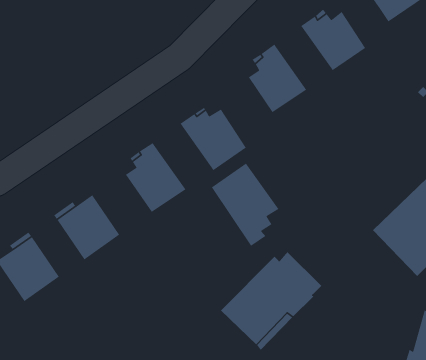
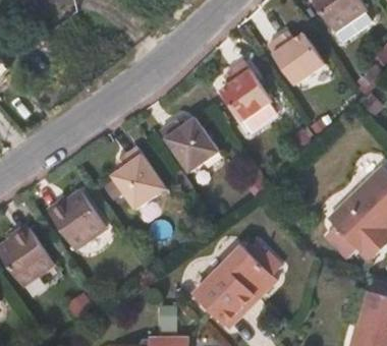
building: [211,163,280,247] -> none

